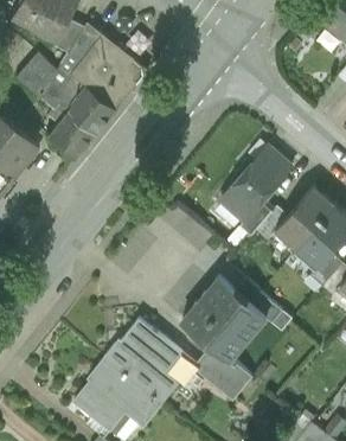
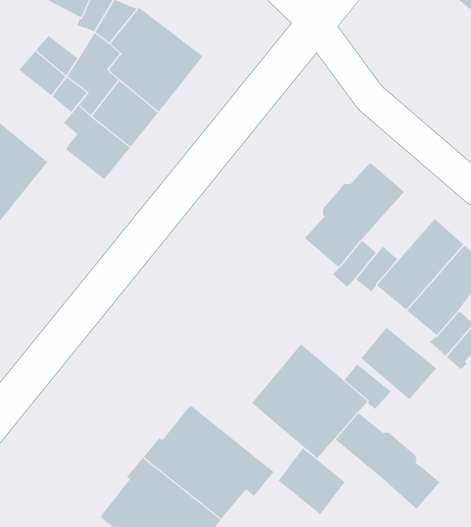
building: none -> [360,327,437,400]
building: none -> [335,412,441,509]

